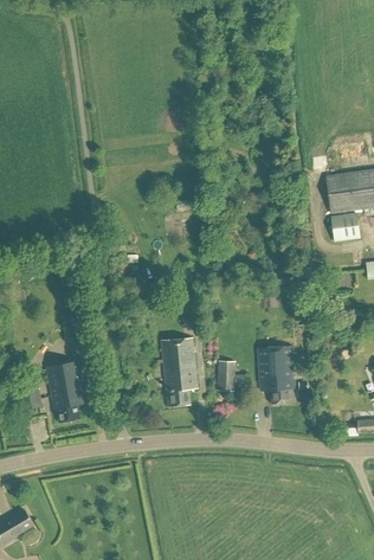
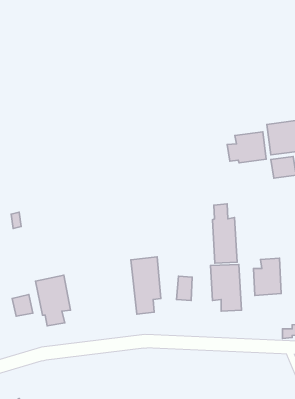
building: none -> [227,132,266,163]
building: none -> [212,204,237,263]
building: none -> [253,258,281,296]

